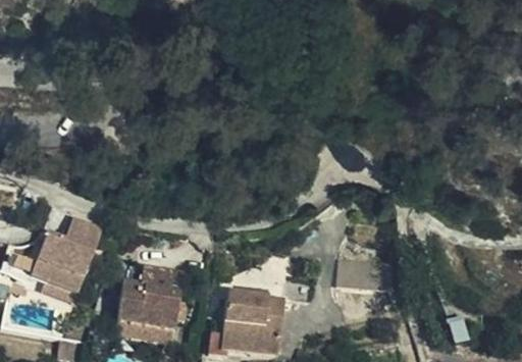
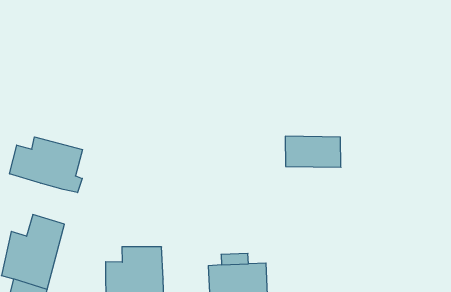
building: none -> [10,137,83,193]
building: [337,254,396,293] -> [285,136,341,167]

